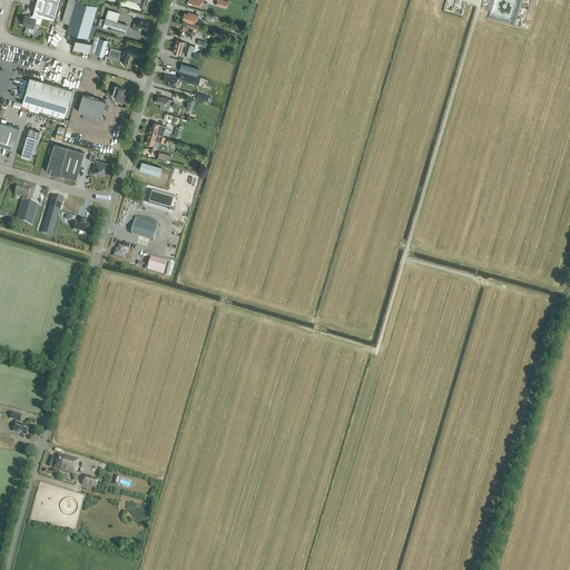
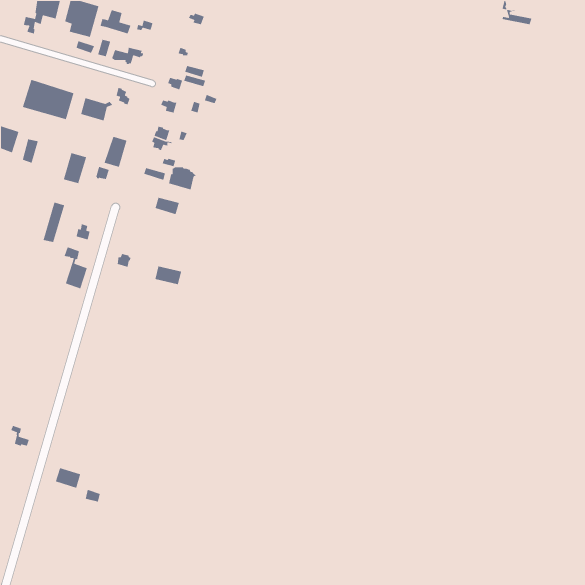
building: [46,144,69,175] -> [104,136,128,168]
building: [14,185,38,227] -> [64,246,88,290]
building: [131,217,159,240] -> [168,167,197,191]

